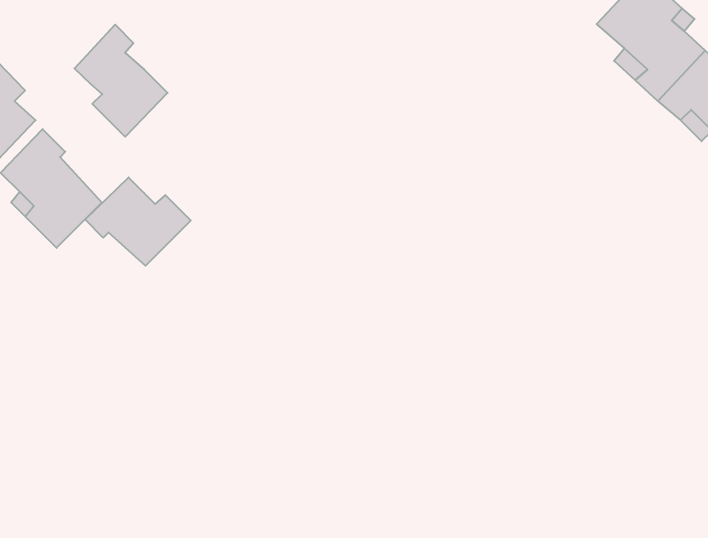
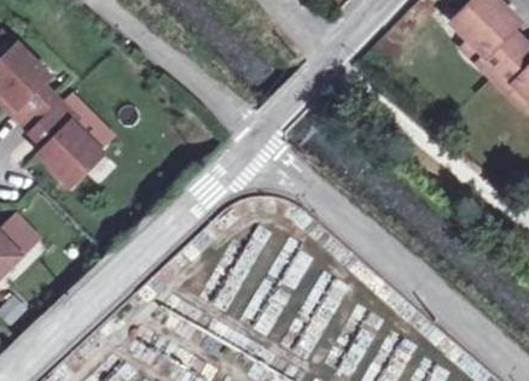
building: [74,25,168,137] -> none
building: [85,177,191,266] -> none

